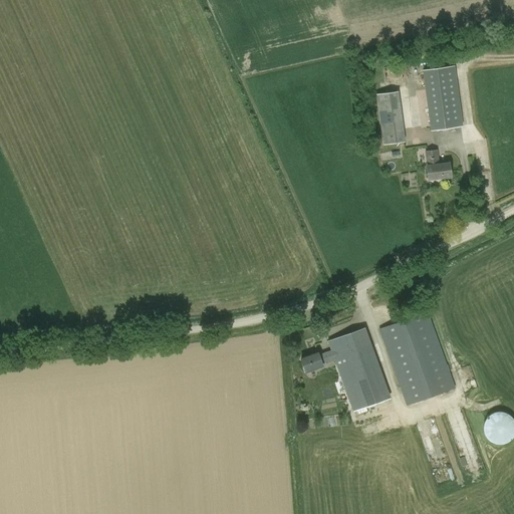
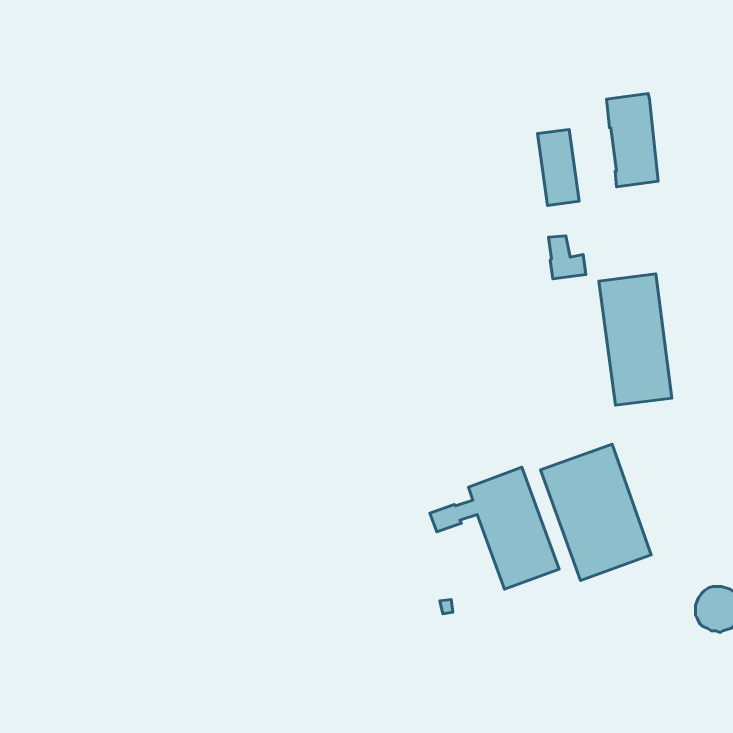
building: [426,149,452,179] -> [549,236,586,279]
building: none -> [599,274,672,405]

